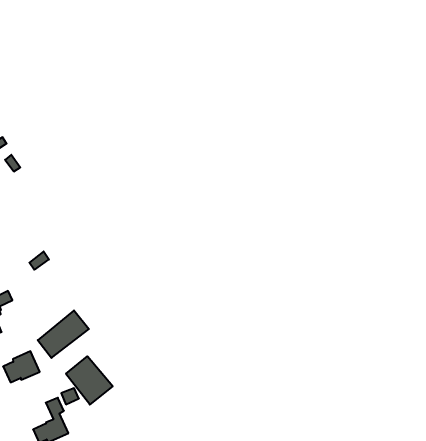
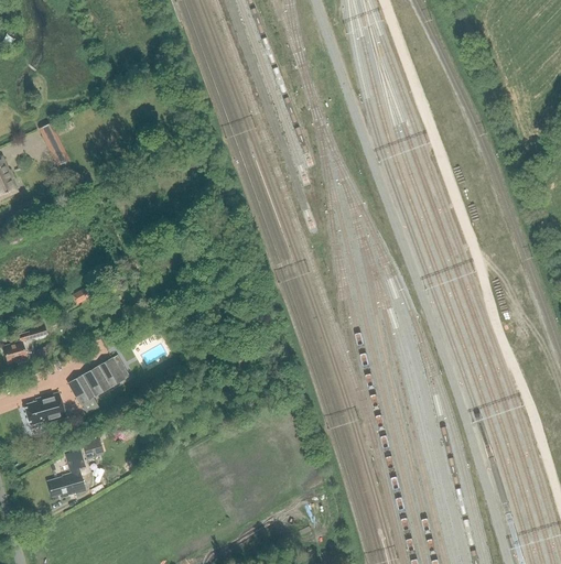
building: [66,356,113,405] -> none

